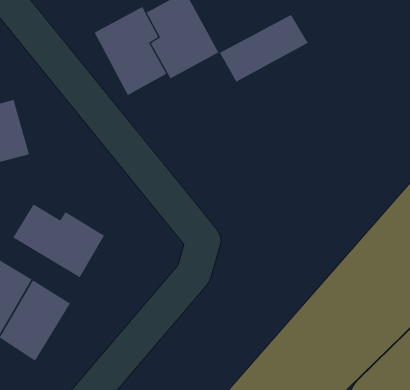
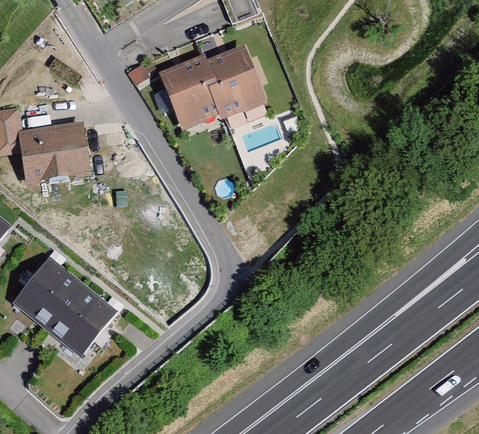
building: [219,14,309,83] -> none
building: [13,204,105,278] -> none

